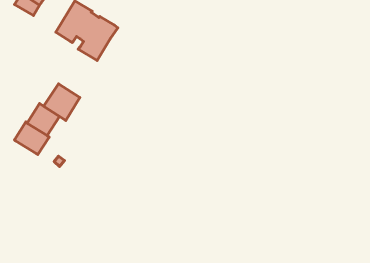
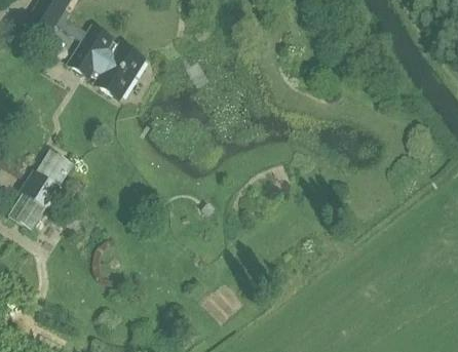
building: [44,84,80,120] -> none
building: none -> [9,193,47,230]

